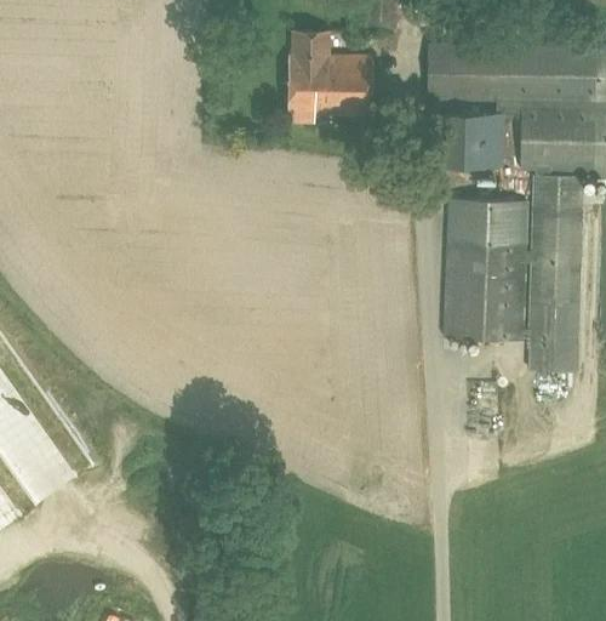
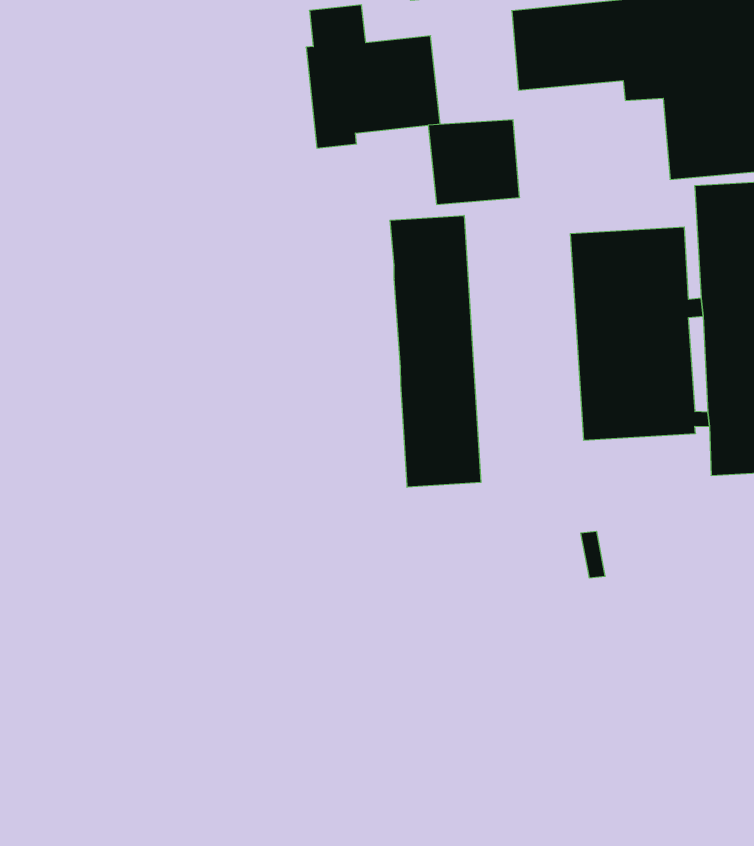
building: [447,113,504,167] -> [428,120,520,204]
building: none -> [390,215,481,487]

